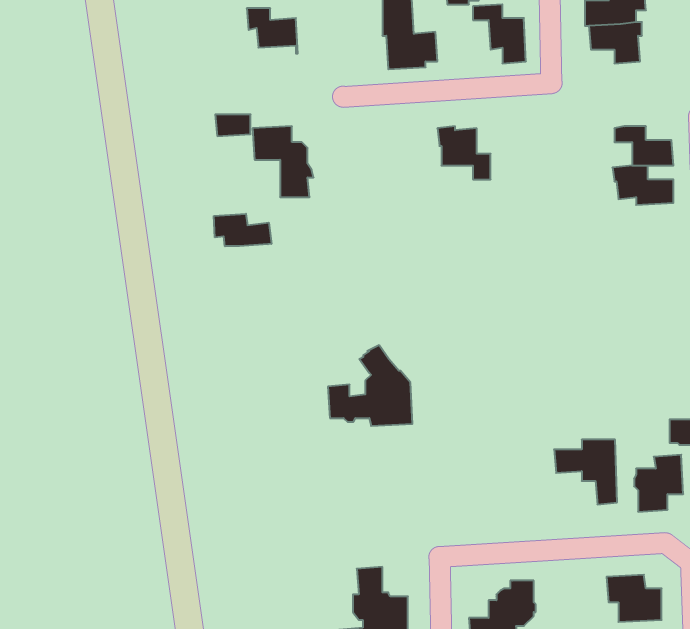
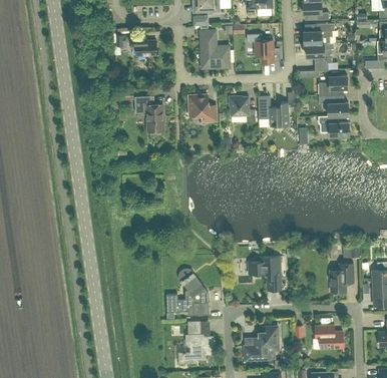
building: none -> [319,71,348,96]
building: none -> [189,94,217,121]
building: none -> [258,95,294,126]
building: [214,214,271,246] -> none
building: [328,345,412,426] -> [166,274,210,315]
building: [554,440,617,504] -> [249,257,281,290]

